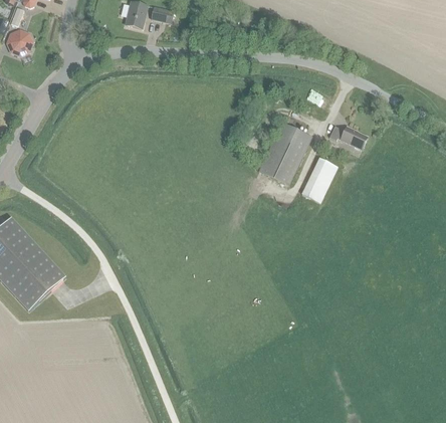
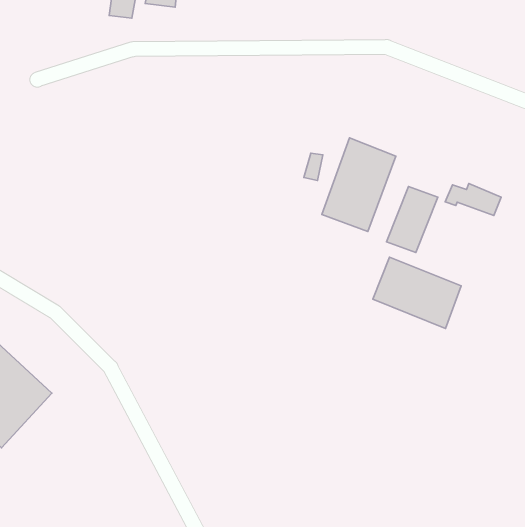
building: [328,125,367,148] -> [445,183,501,216]
building: none -> [373,257,461,329]

